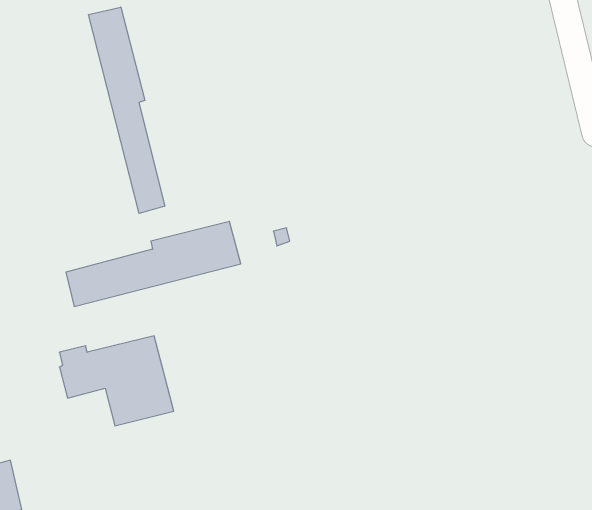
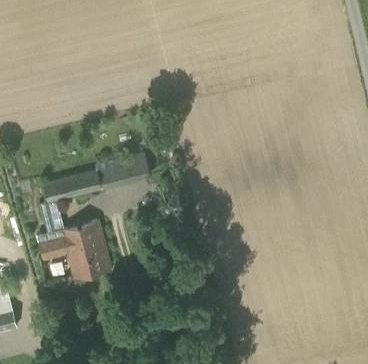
building: [88,7,165,213] -> none

